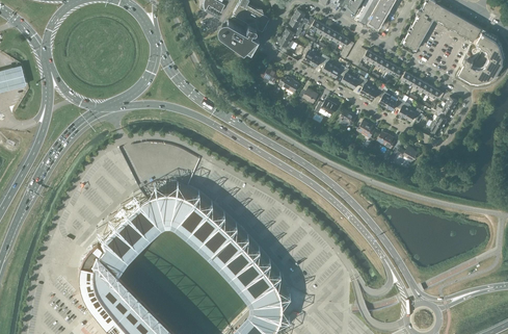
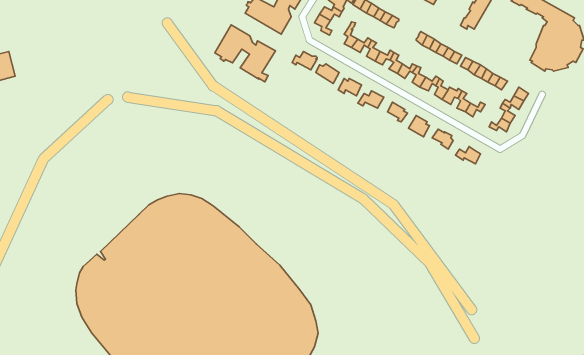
building: none -> [215,25,275,82]

